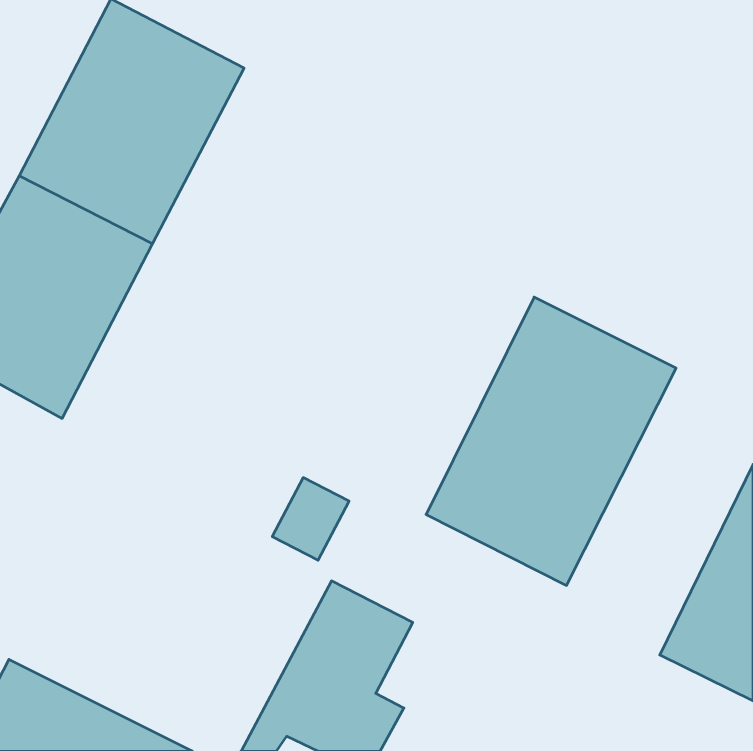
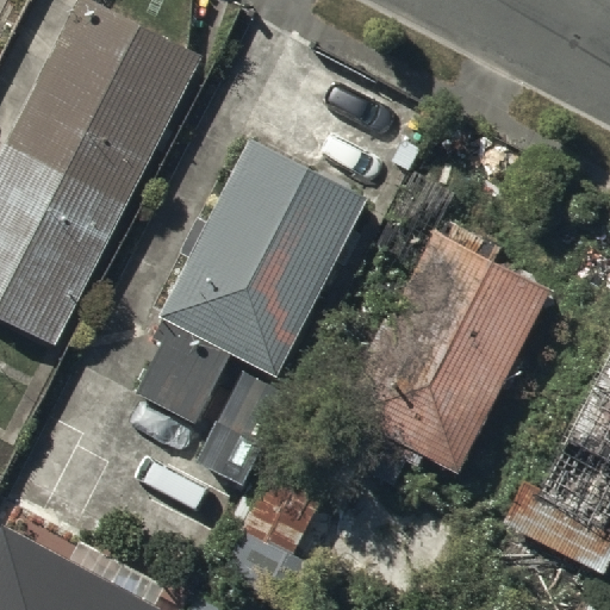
building: none -> [138,155,363,424]

